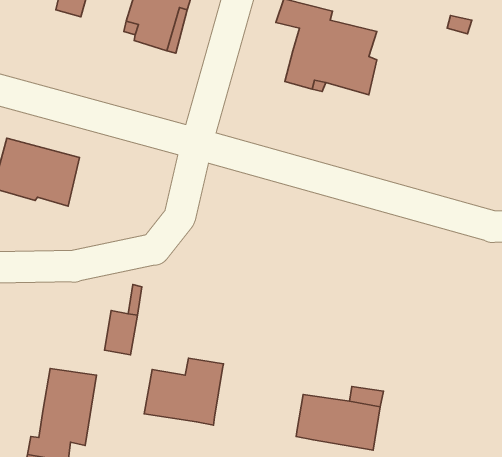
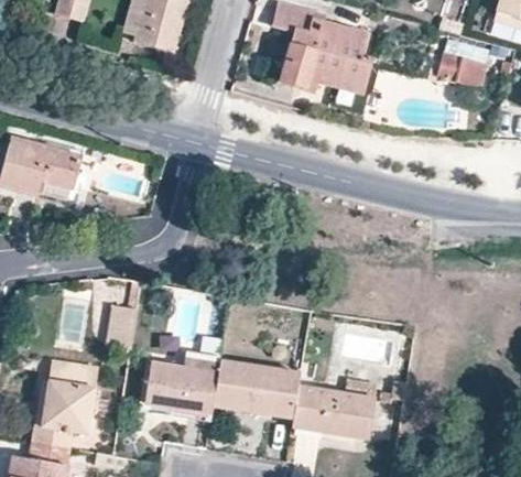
building: none -> [437,52,487,86]
building: none -> [213,359,301,419]

